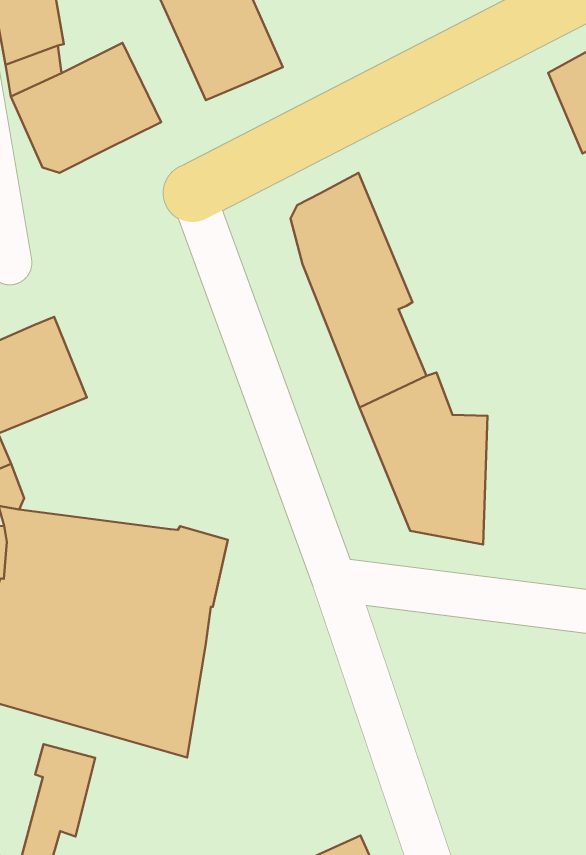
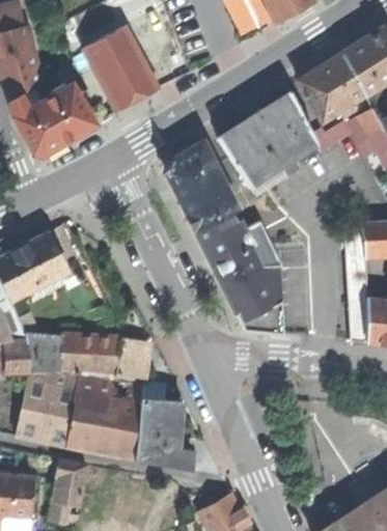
building: none -> [216,92,315,187]
building: none -> [229,211,281,267]
building: none -> [136,398,193,470]

